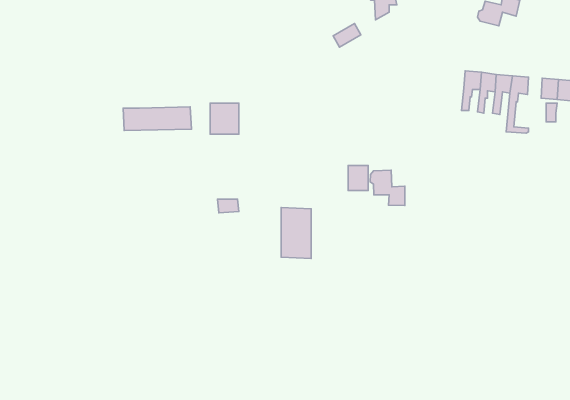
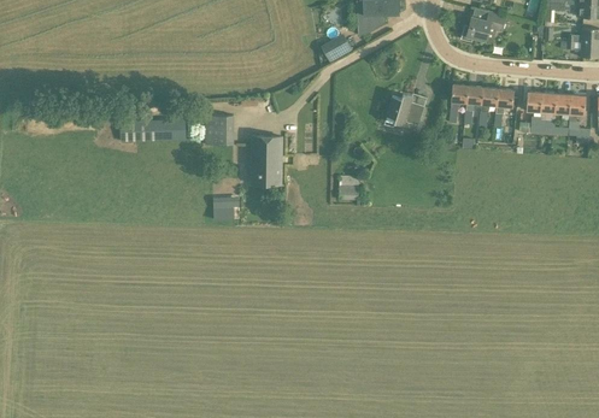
building: none -> [386,95,424,126]
building: [370,170,405,205] -> none
building: [281,207,311,258] -> [252,136,281,186]

